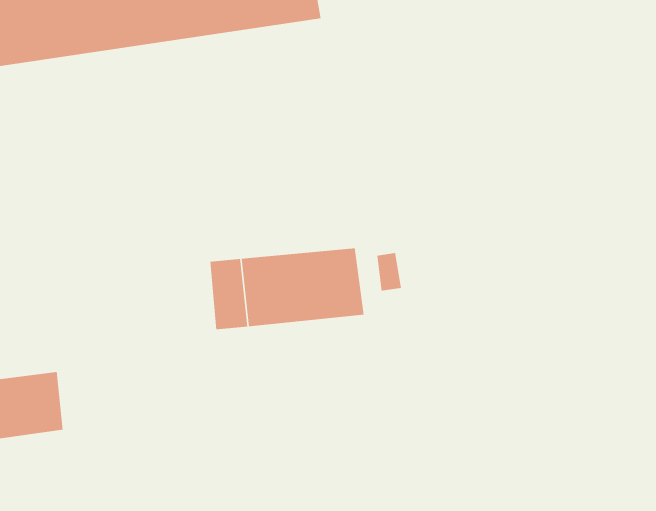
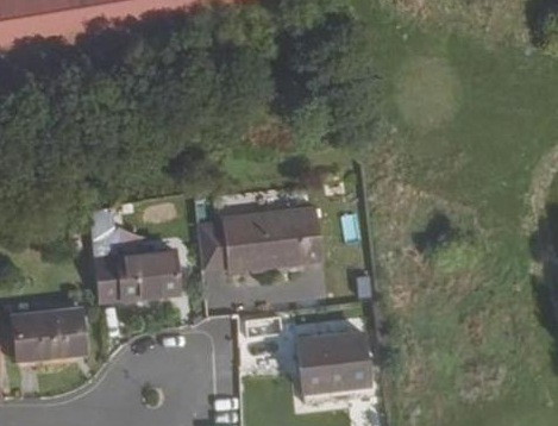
building: none -> [86,203,171,294]
building: none -> [300,336,366,399]

